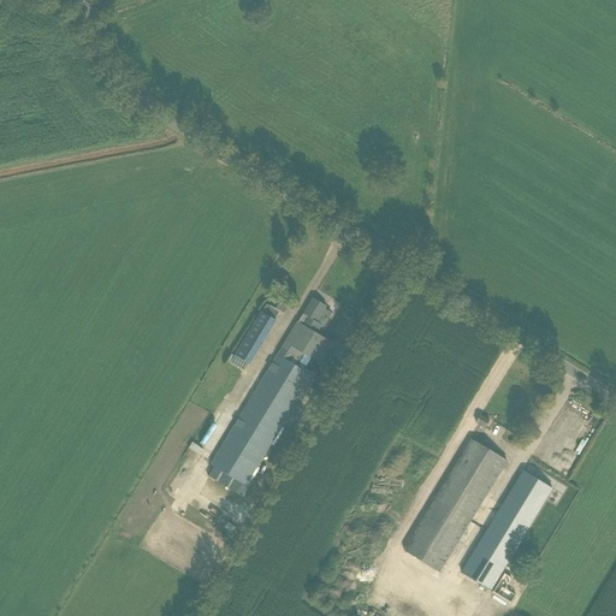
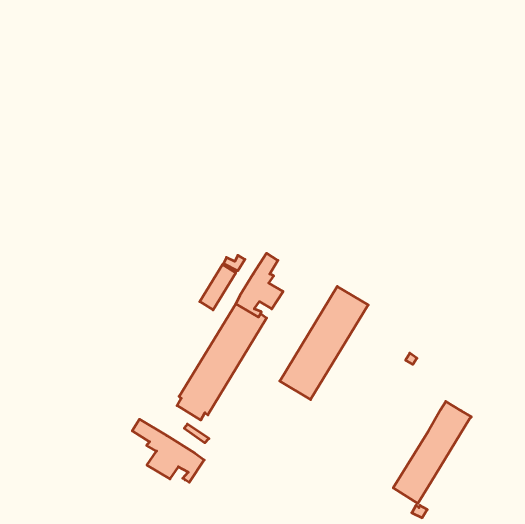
building: [402,438,505,570] -> [280,286,368,400]
building: none -> [132,419,204,482]

